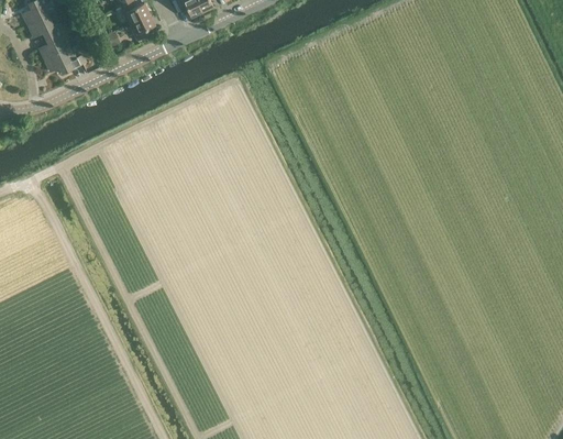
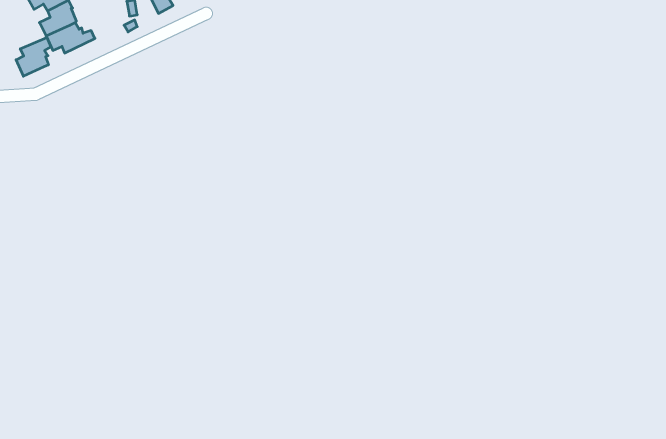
building: none -> [16,37,51,76]

